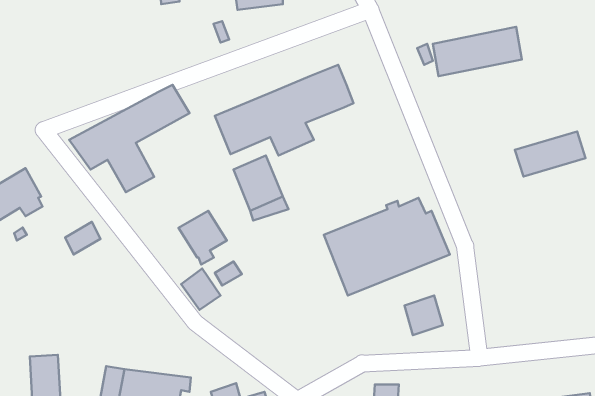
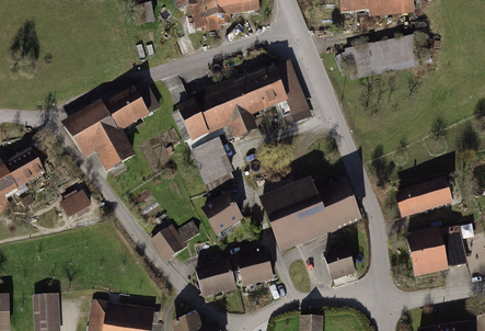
building: none -> [273,64,307,125]
building: [515,131,586,177] -> [396,180,451,215]
building: [179,211,227,265] -> [204,194,241,236]
building: none -> [406,227,463,274]
building: none -> [236,248,273,284]
building: none -> [195,262,234,295]

